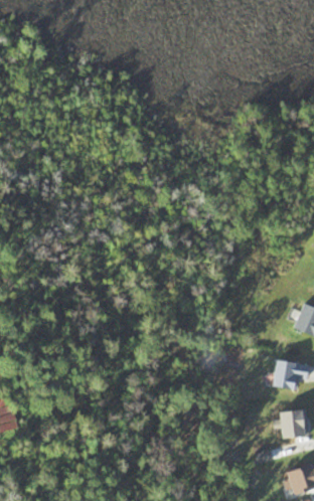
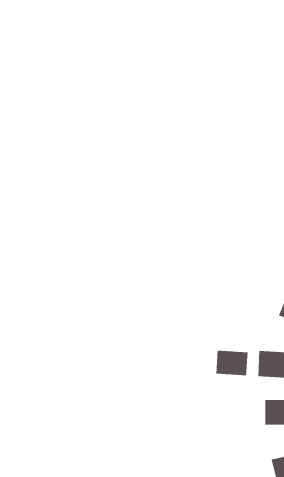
building: none -> [215,350,248,376]

